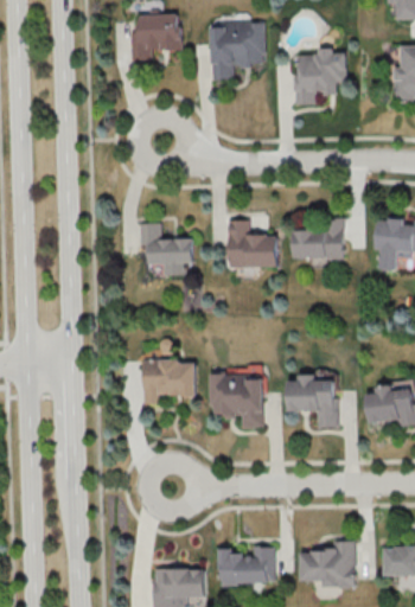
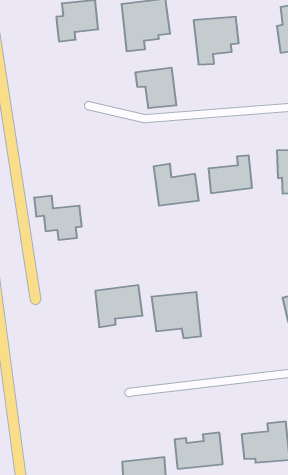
building: none -> [136,68,176,108]
building: [139,223,192,276] -> [34,196,82,240]
building: [287,375,337,428] -> none

